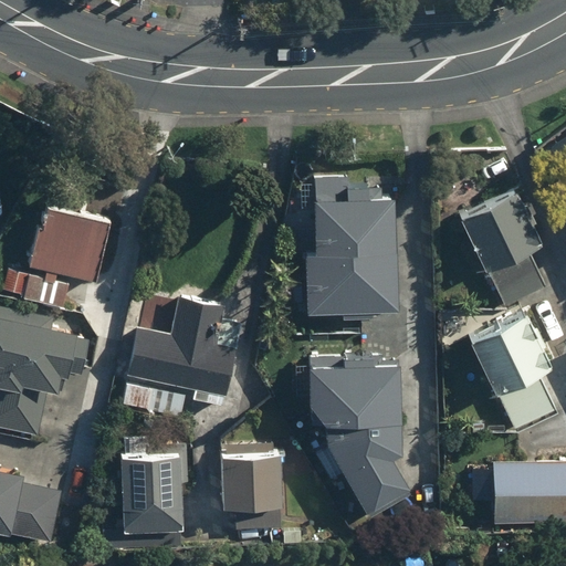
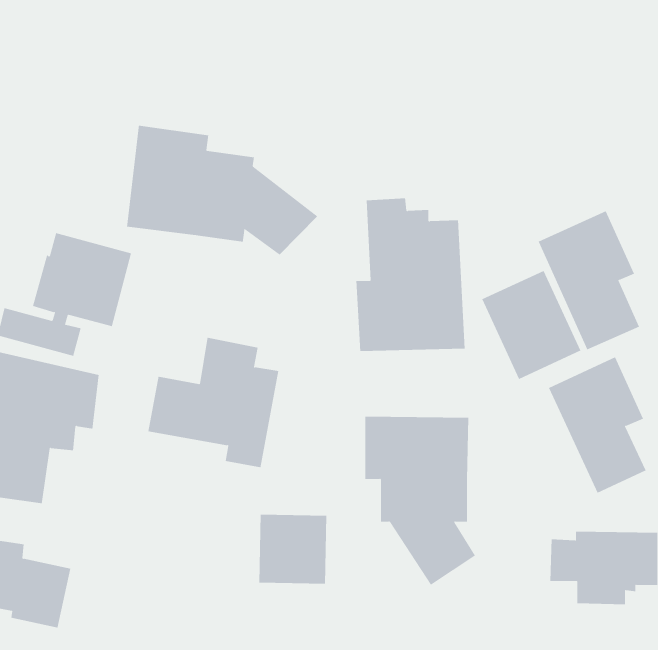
building: none -> [127,125,318,256]
building: none -> [482,270,581,380]
building: [120,443,182,531] -> none

